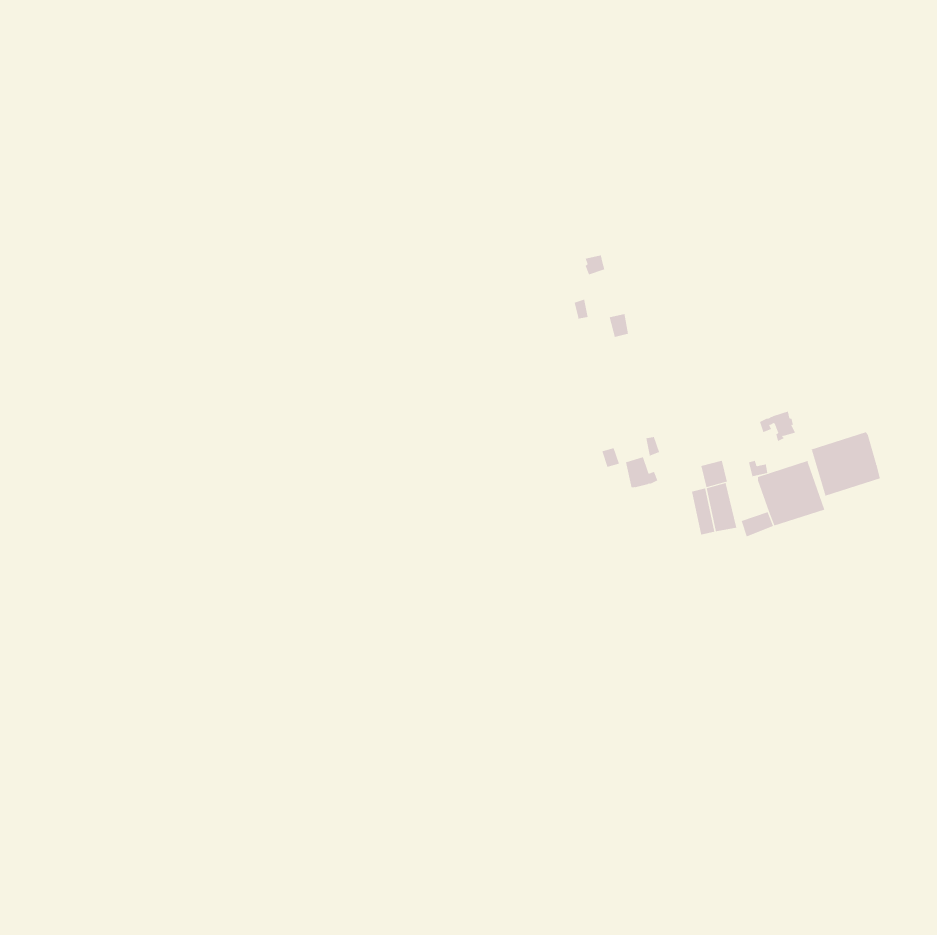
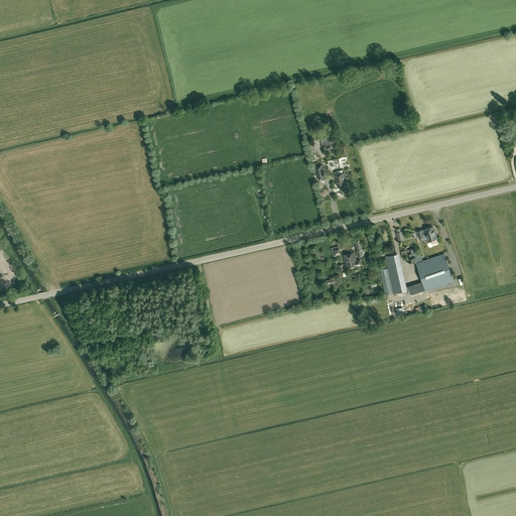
building: [810,431,881,497] -> none

